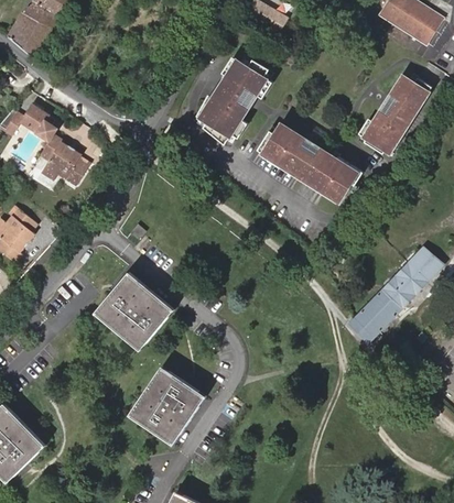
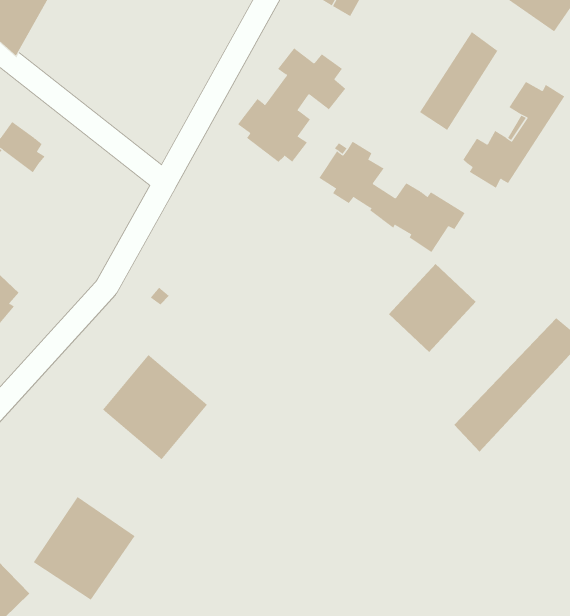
building: none -> [419,31,498,131]
building: [39,136,89,187] -> none
building: none -> [388,263,476,353]
building: [131,368,205,442] -> [33,496,136,600]

